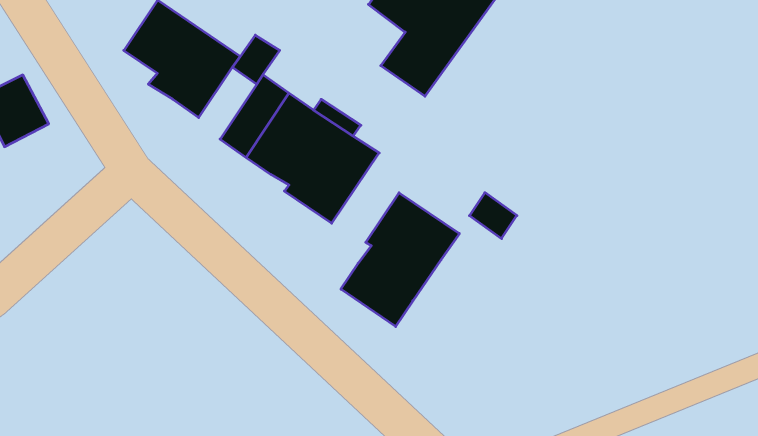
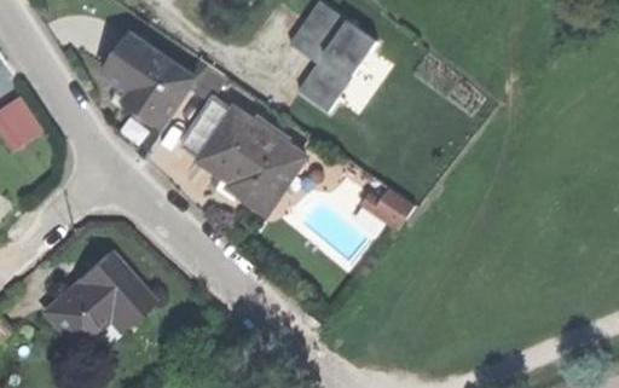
building: [341,193,459,327] -> none
building: none -> [41,254,149,348]

